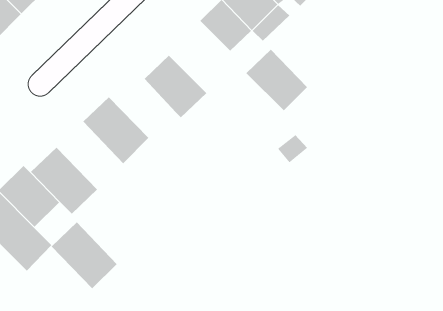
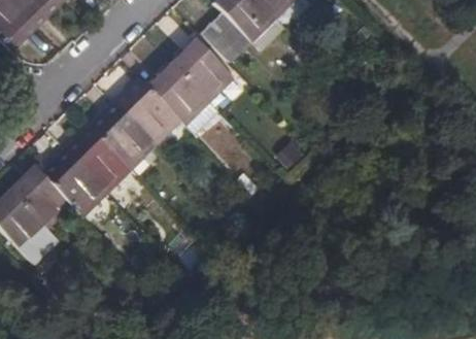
building: [246,49,308,111] -> [173,42,232,101]
building: none -> [116,80,179,143]
building: [51,221,117,289] -> [67,128,130,192]

